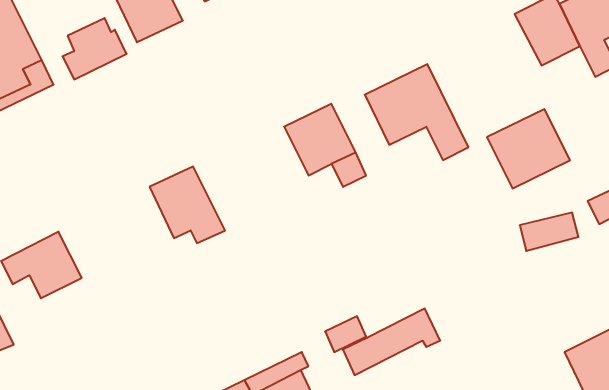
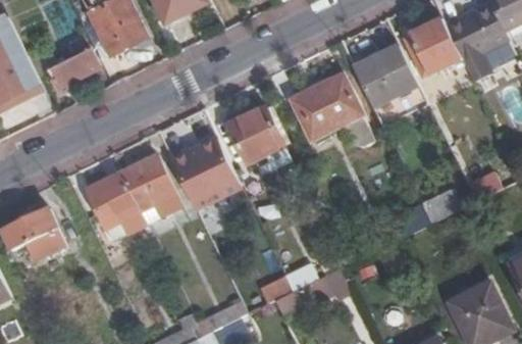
building: [487,109,570,188] -> [353,46,419,109]
building: none -> [168,138,240,208]
building: none -> [94,171,145,230]

